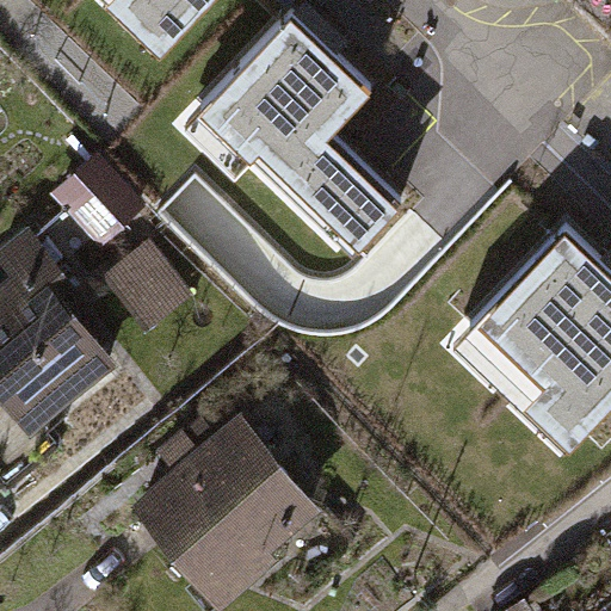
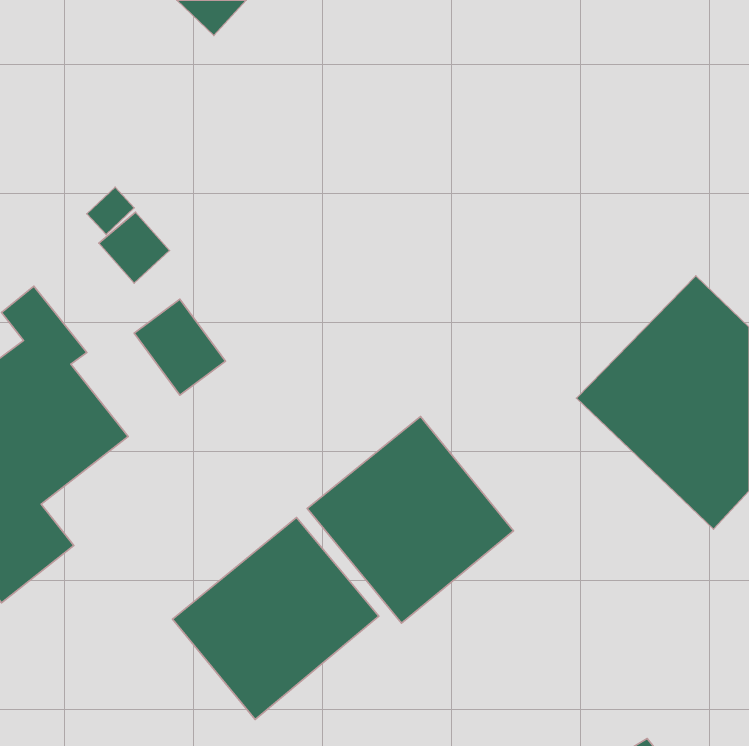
building: [199,14,399,252] -> none
building: none -> [307,417,513,623]

